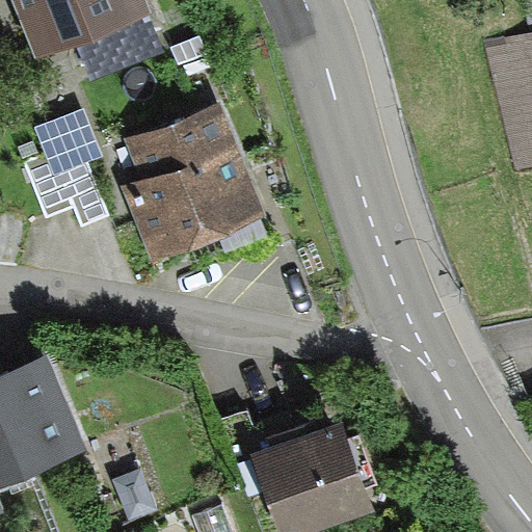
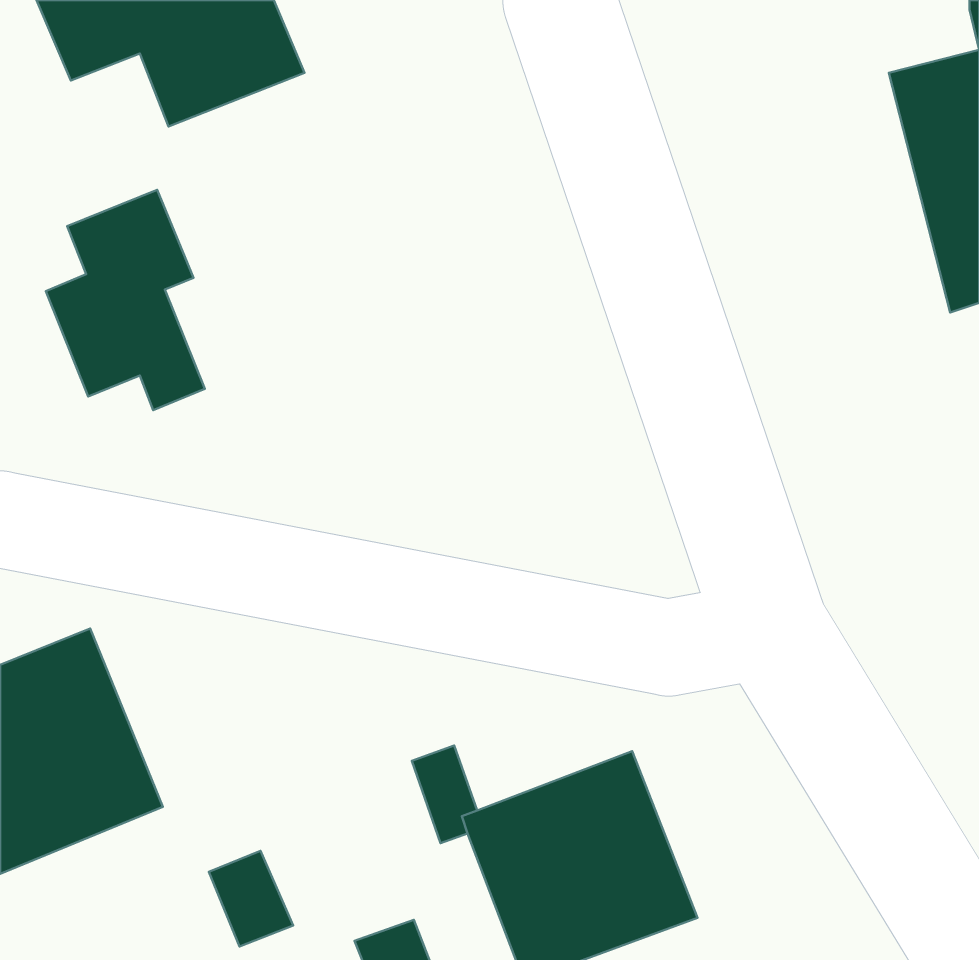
building: [123,100,269,261] -> none

